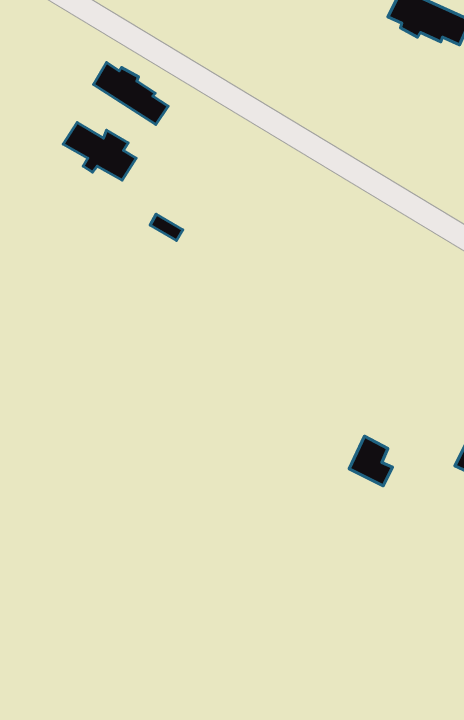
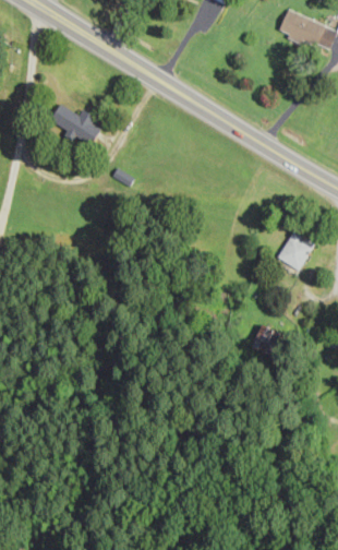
building: [94,62,168,125] -> none
building: none -> [276,230,314,272]

